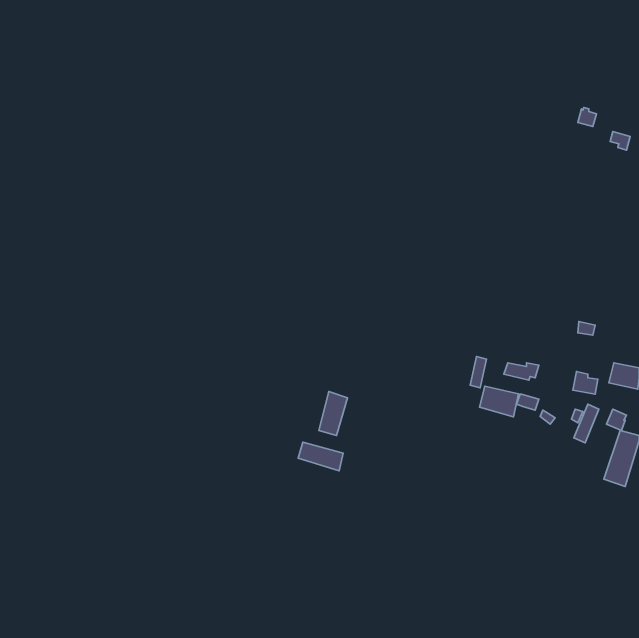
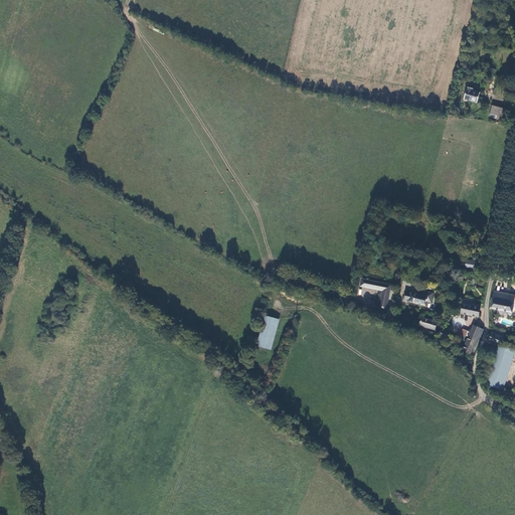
building: [480,386,518,417] -> none
building: [298,442,343,471] -> none

